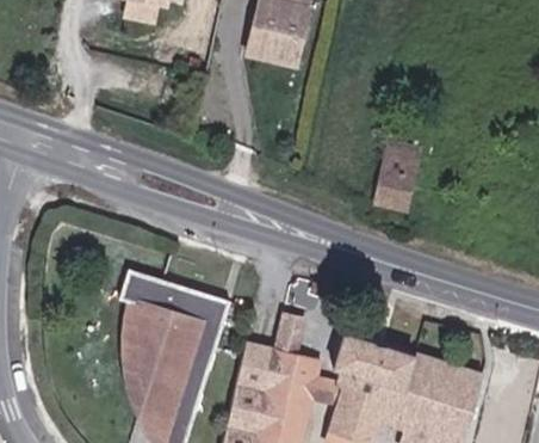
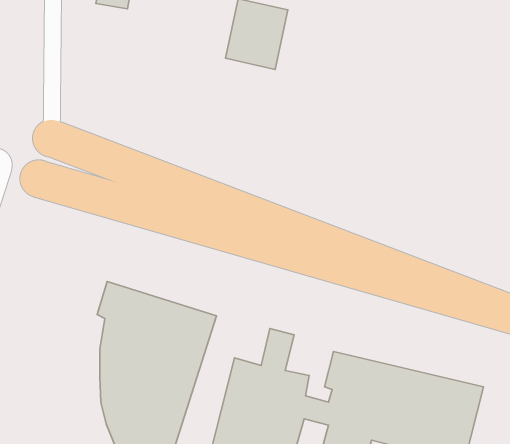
building: [378,146,426,211] -> none

